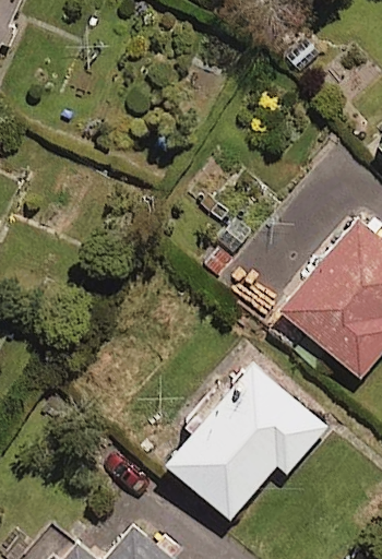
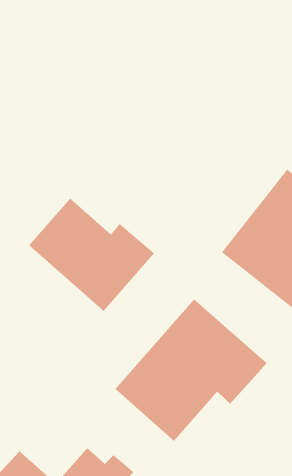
building: none -> [28,198,155,312]

